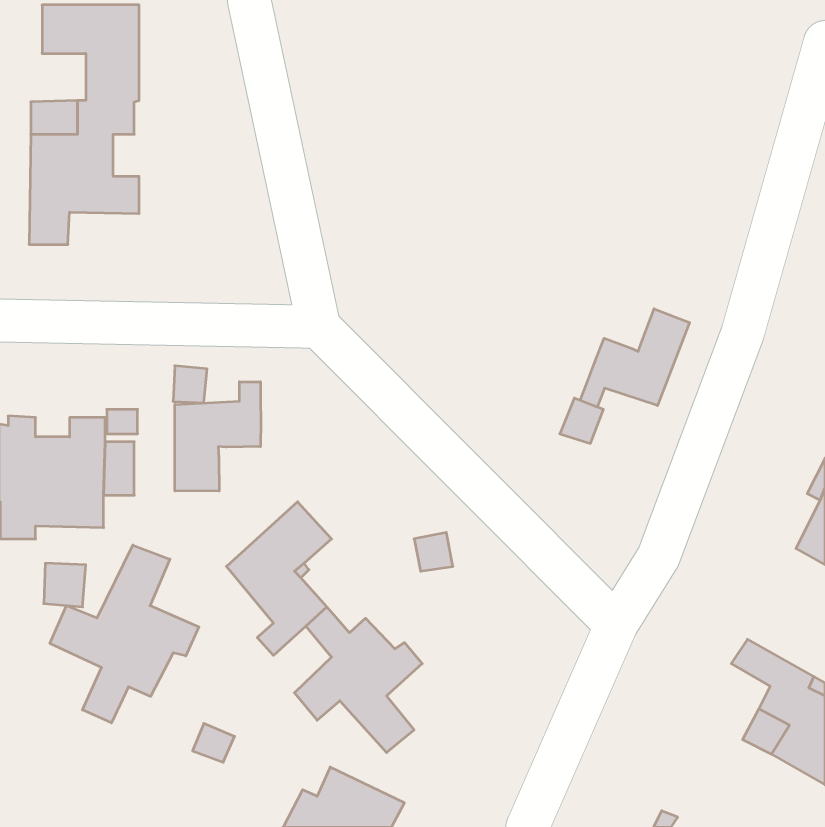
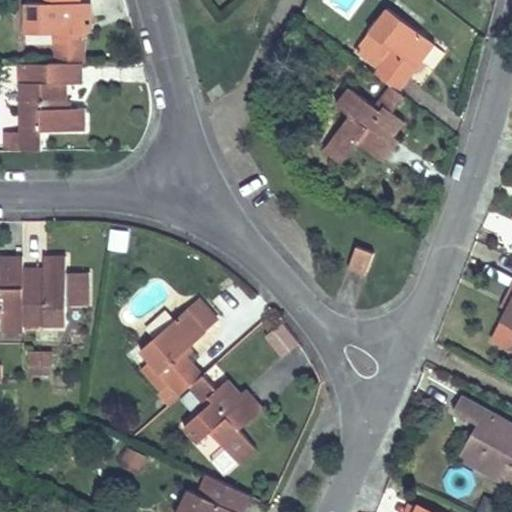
building: none -> [322,9,433,163]
building: [580,309,690,407] -> none
building: [175,382,261,491] -> none
building: [50,545,199,723] -> none

